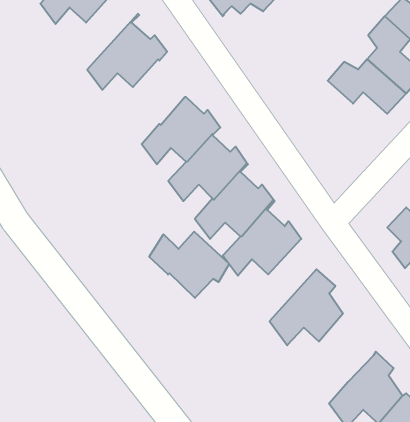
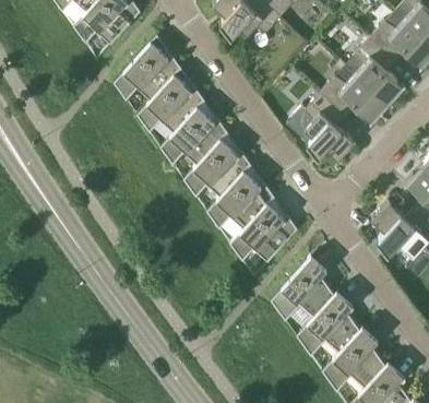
building: none -> [138,74,205,133]
building: none -> [286,93,355,159]
building: [149,232,229,298] -> none
building: none -> [297,292,360,357]

